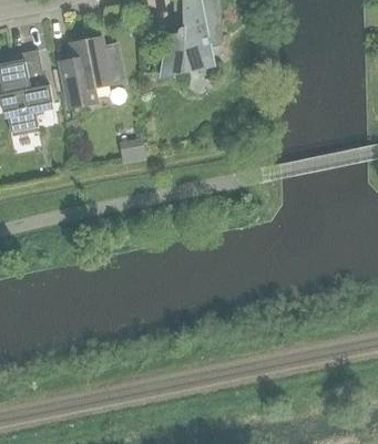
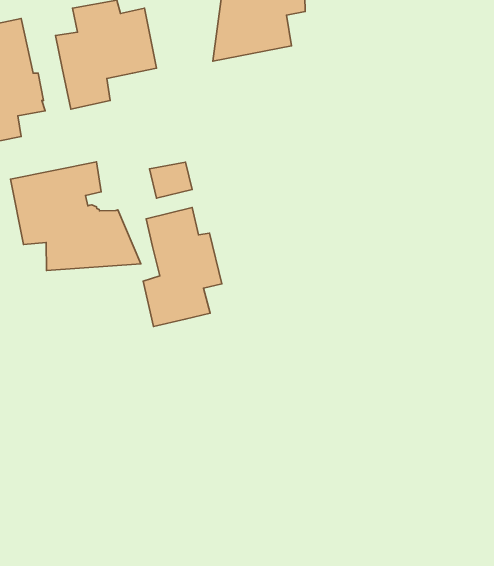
building: none -> [11,162,141,270]
building: none -> [143,207,222,327]

